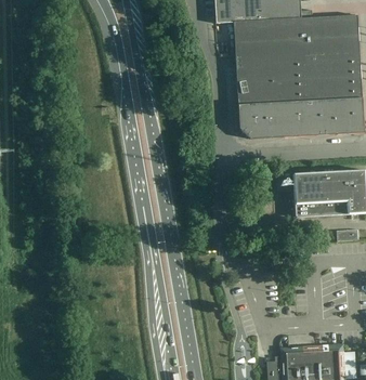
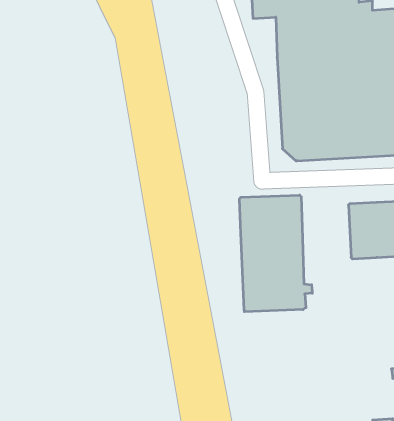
building: none -> [239,195,312,312]

